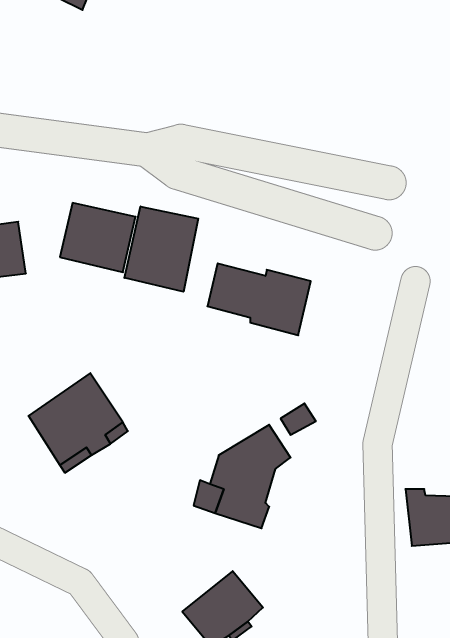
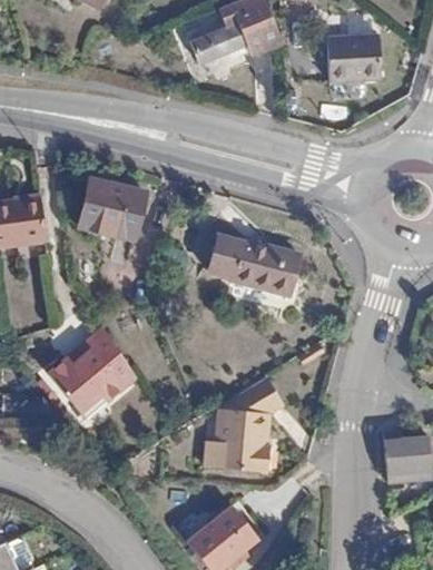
building: none -> [193,14,269,66]
building: none -> [328,36,383,83]
building: [124,206,198,292] -> none

